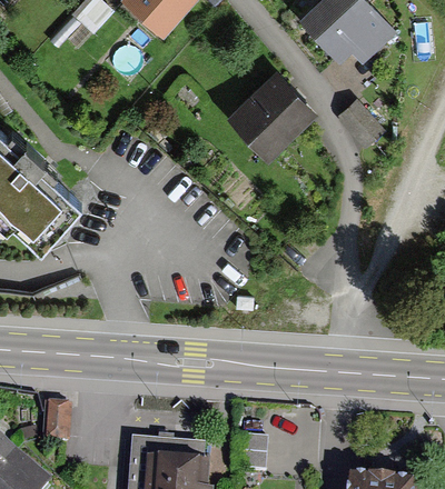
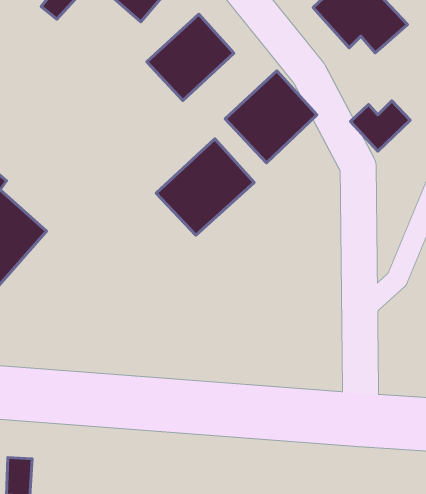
building: none -> [147,14,234,101]
building: none -> [156,139,254,235]

